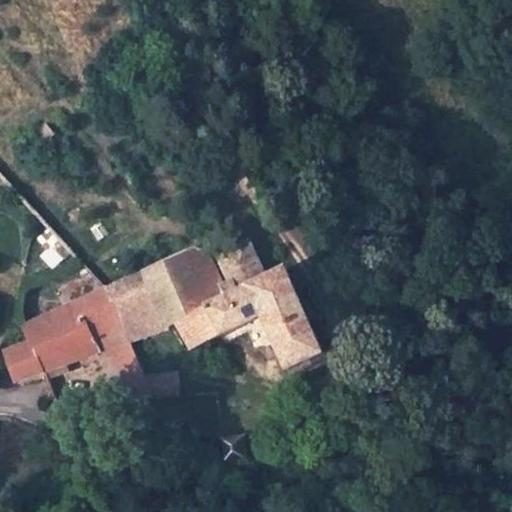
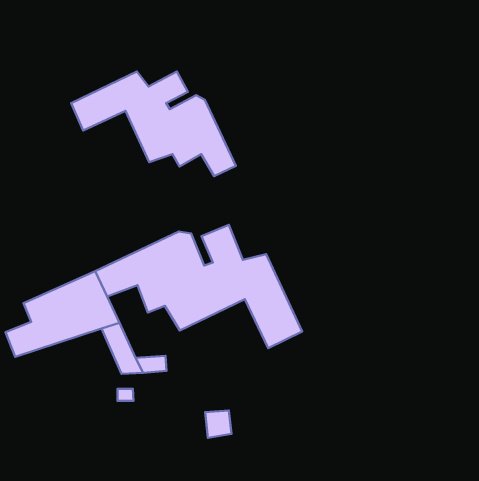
building: none -> [71,71,236,176]
building: [114,303,157,343] -> none

